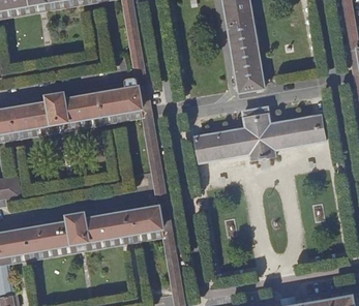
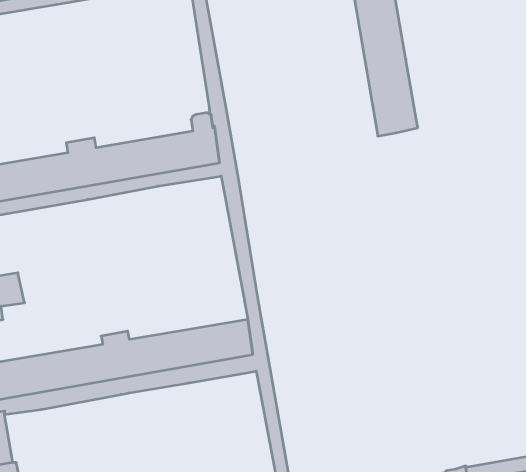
building: [195,104,325,159] -> none

